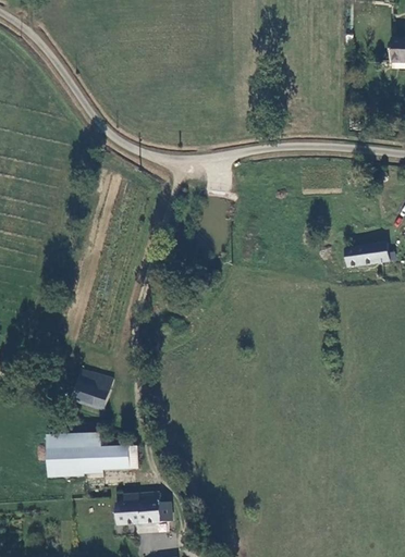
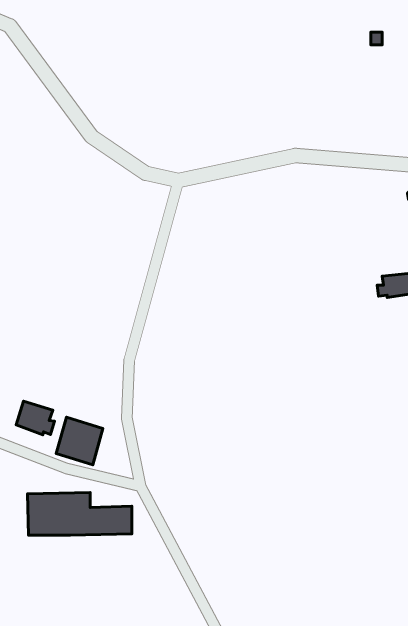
building: none -> [16,401,55,435]
building: [118,497,175,523] -> none

